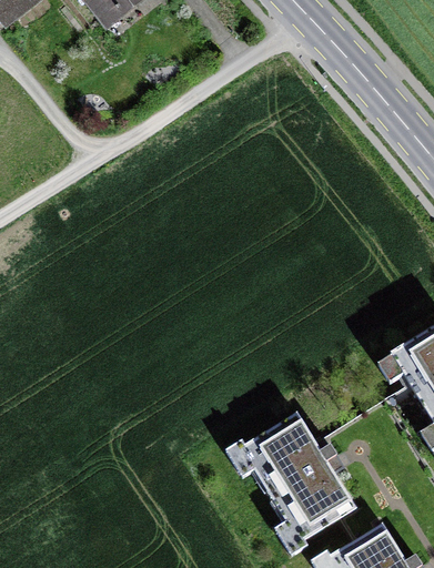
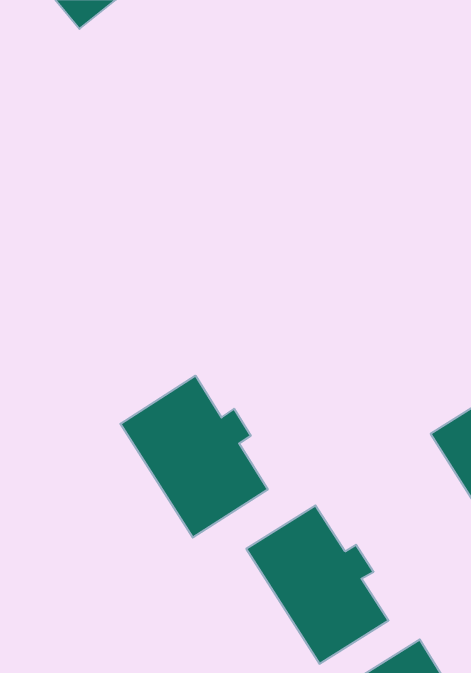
building: none -> [120,376,268,538]

